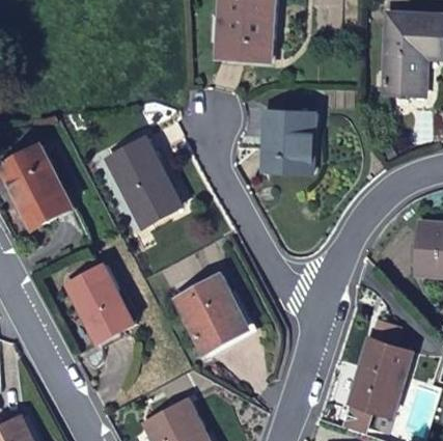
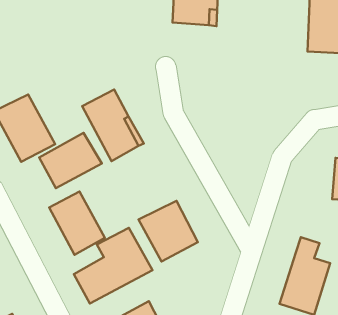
building: [261,112,314,172] -> none
building: none -> [39,133,102,188]
building: none -> [74,228,152,304]

